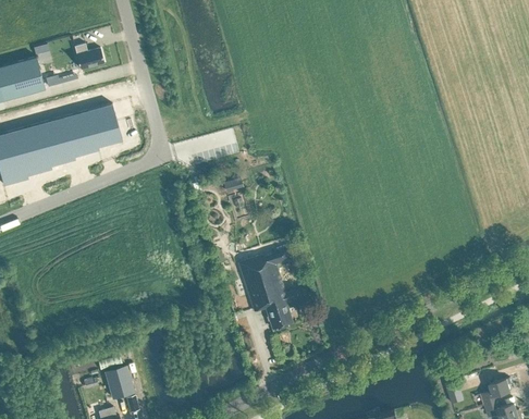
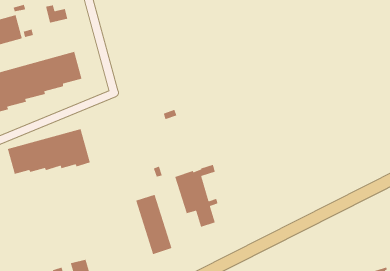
building: none -> [7,128,91,175]
building: none -> [135,194,172,255]

